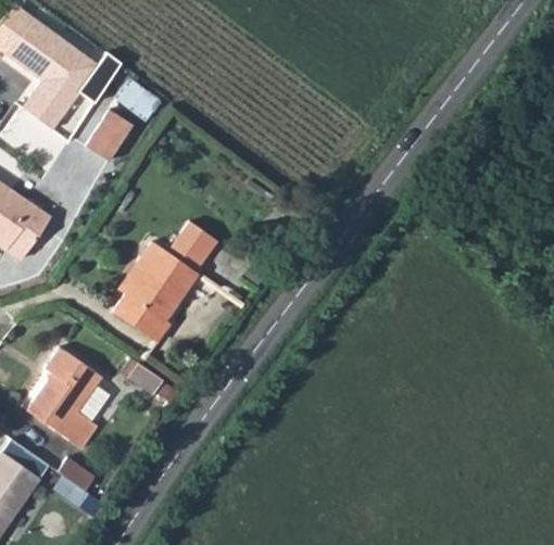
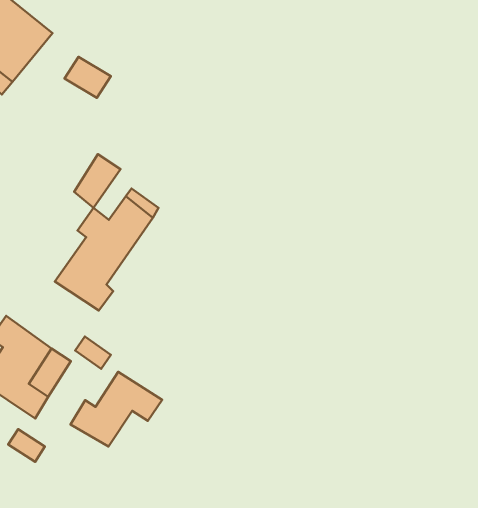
building: [83,110,129,164] -> [74,154,121,208]
building: none -> [71,372,162,446]

